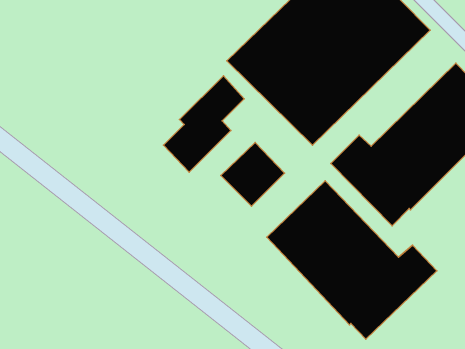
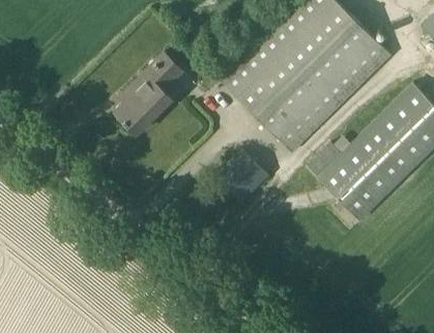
building: [163,76,244,172] -> [115,52,183,133]
building: [267,181,437,339] -> none

